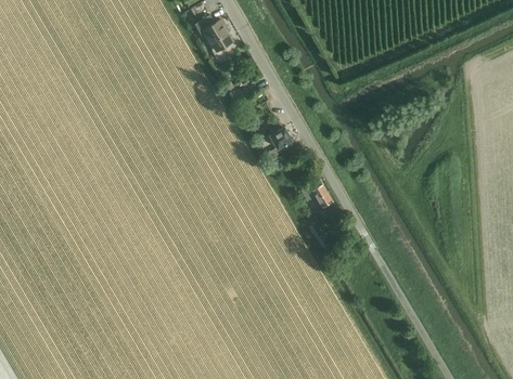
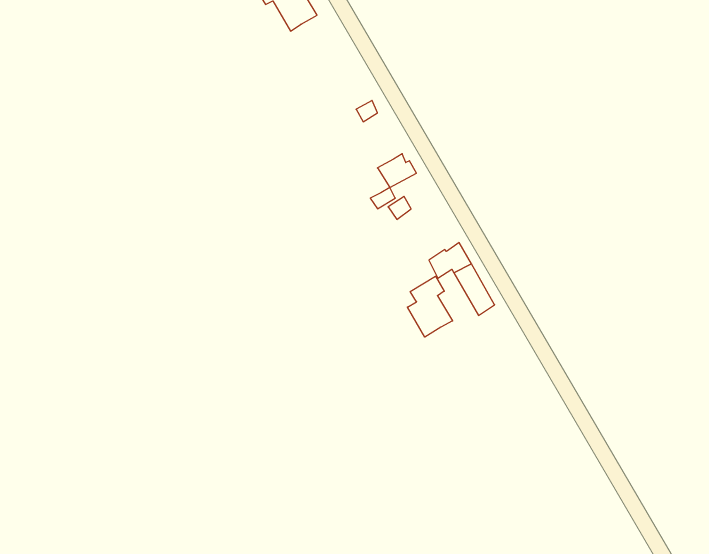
building: none -> [407,276,453,337]

